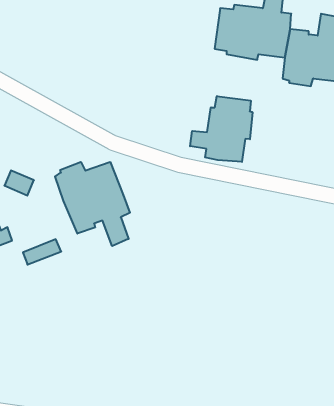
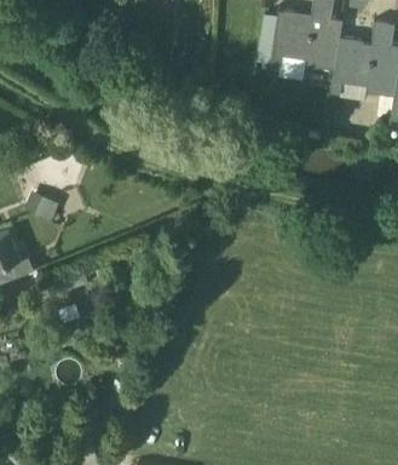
building: [190,96,252,162] -> none
building: [55,162,130,246] -> none

